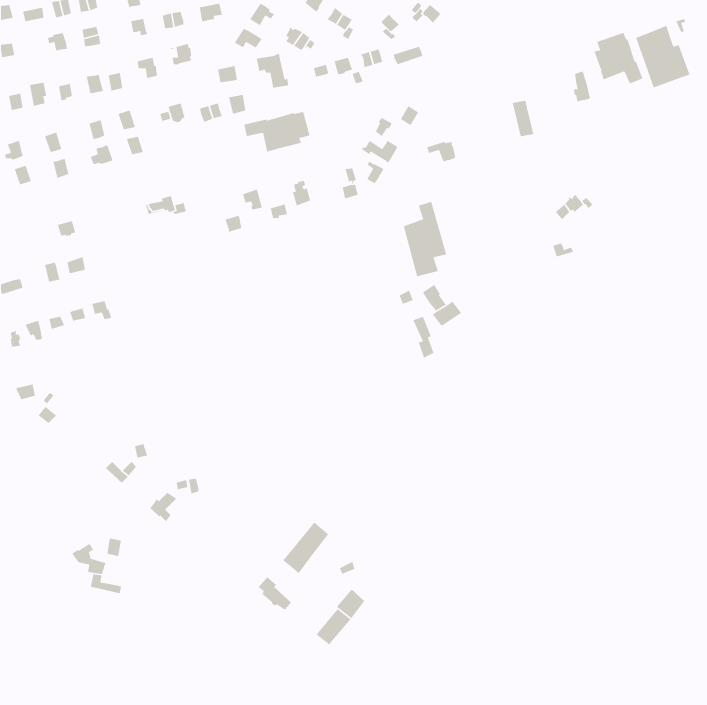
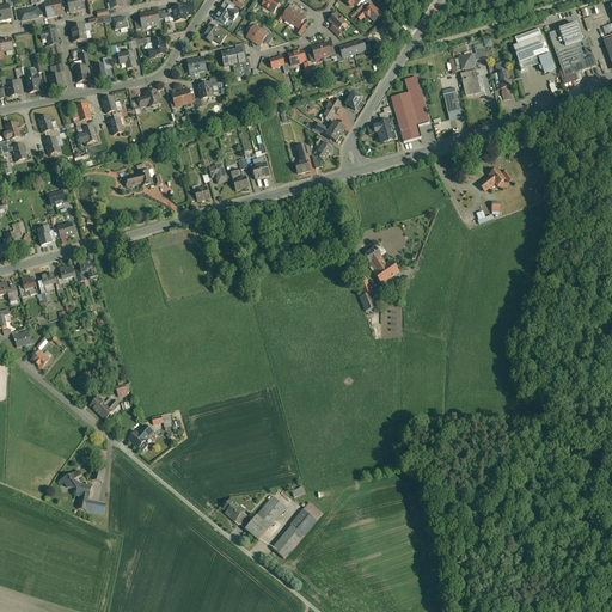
building: none -> [458,45,486,96]
building: [244,111,310,153] -> none
building: [403,201,447,277] -> [391,75,429,141]
building: [282,522,329,574] -> [245,495,286,540]

